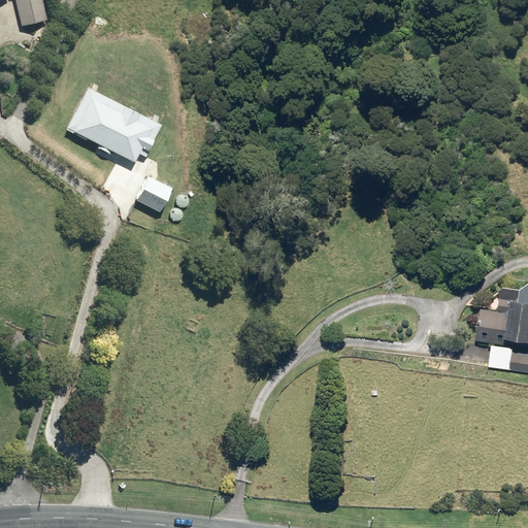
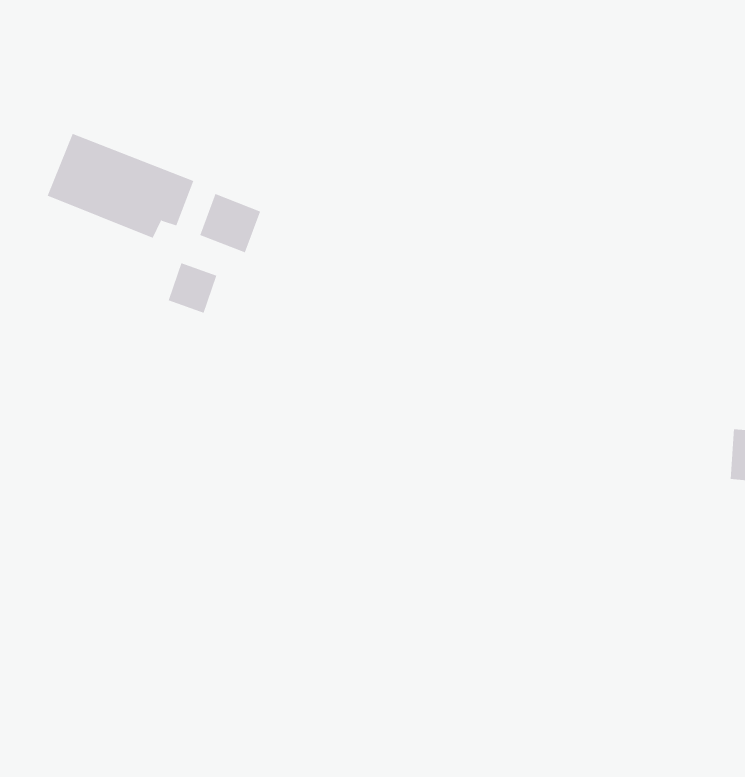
building: none -> [200,193,261,253]

